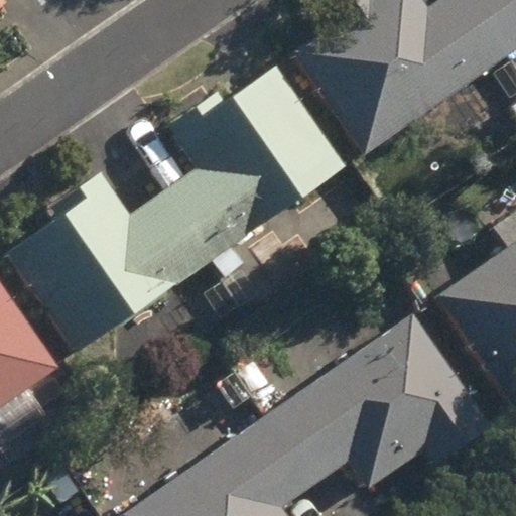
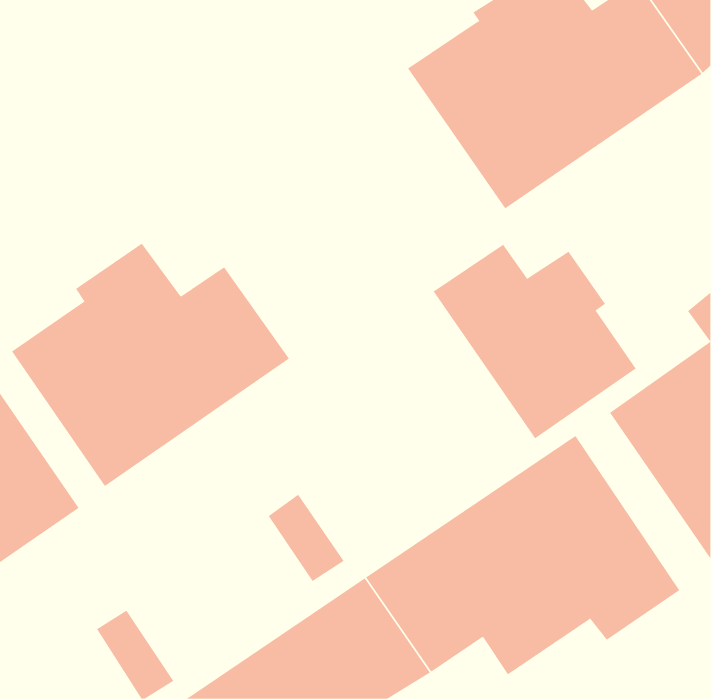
building: [162,69,345,259] -> none
building: none -> [433,244,637,439]

